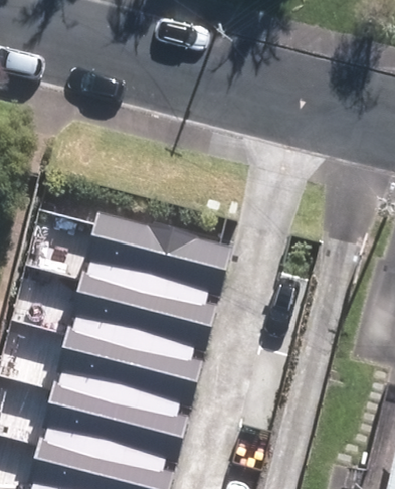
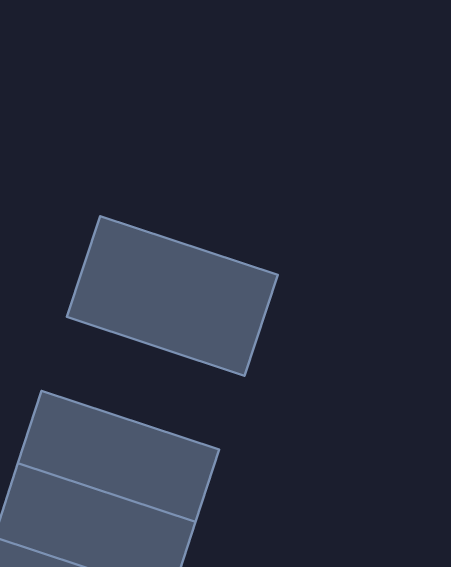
building: [65,283,205,367] -> none

